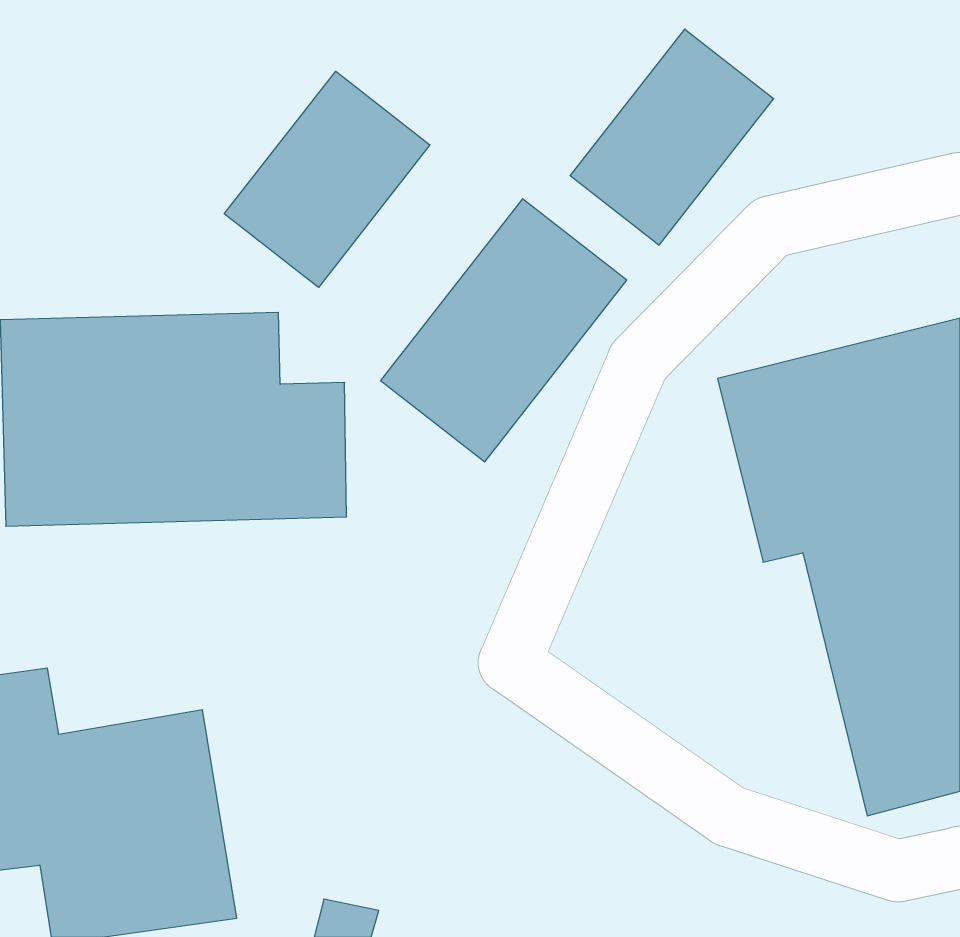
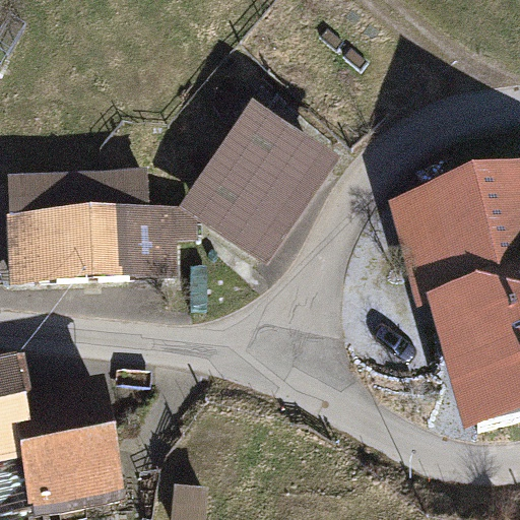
building: [570,29,774,245] -> none
building: [224,71,430,287] -> none

